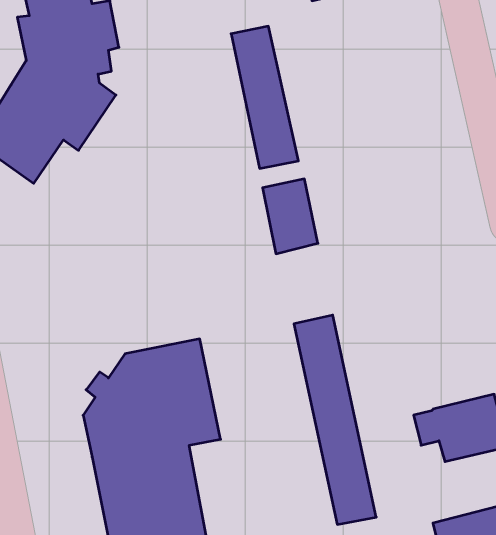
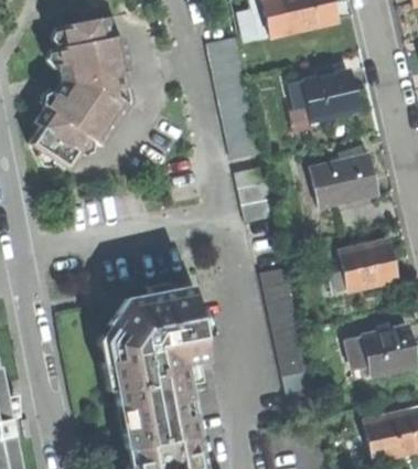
building: none -> [279,66,358,122]
building: none -> [309,149,377,209]
building: none -> [329,237,396,294]

